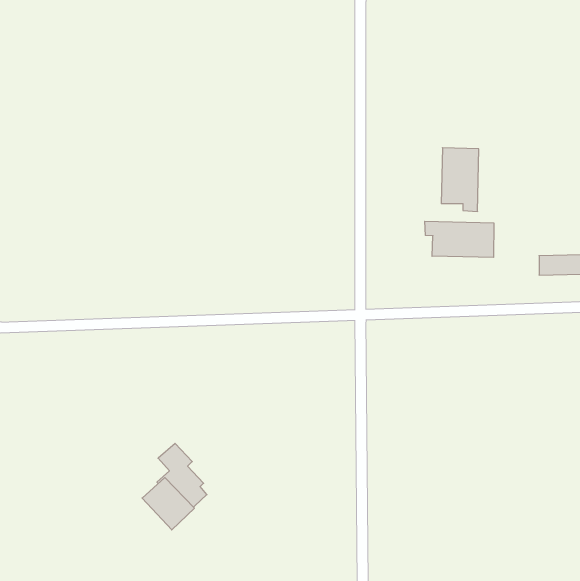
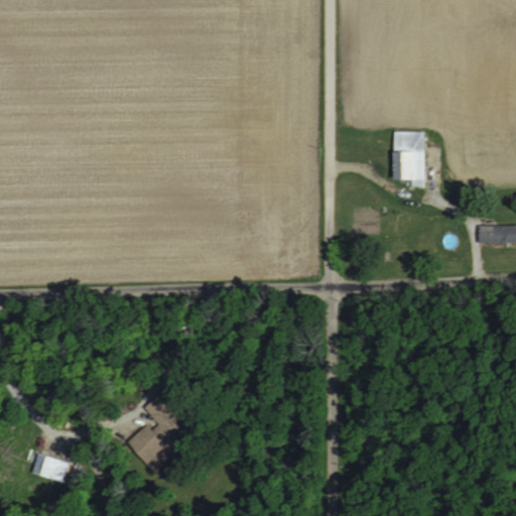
building: [425,221,494,257] -> none
building: none -> [38,454,68,480]

